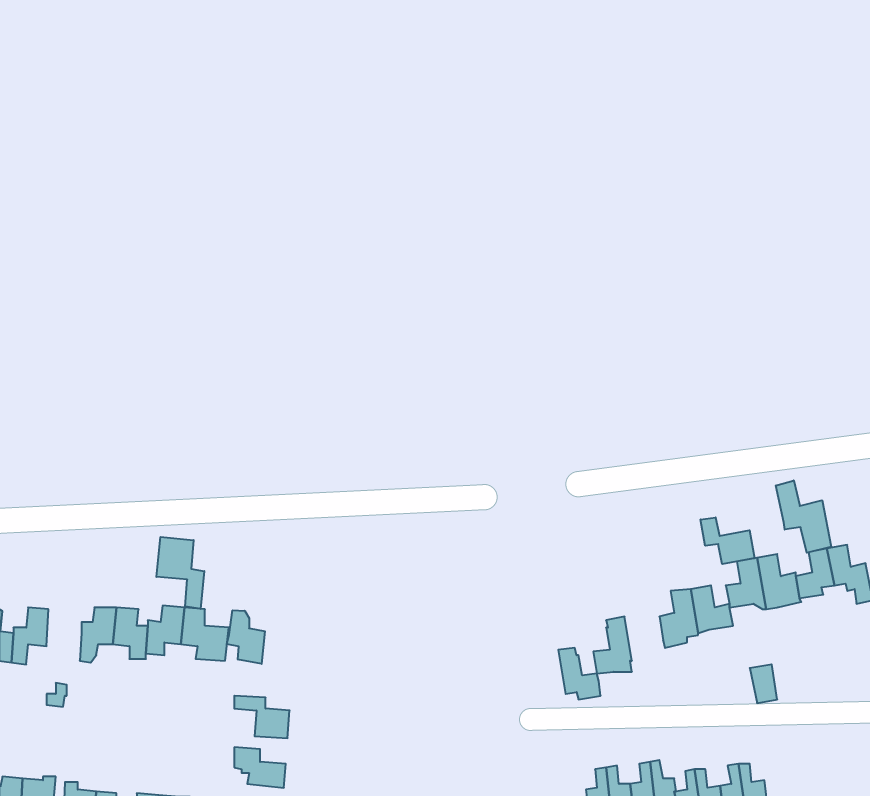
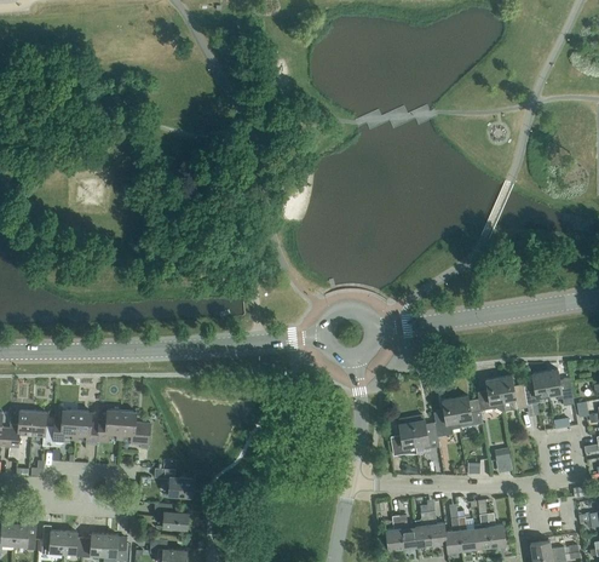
building: [776,480,831,553] -> none
building: [701,517,754,564] -> none
building: [156,537,204,609] -> none
building: none -> [31,412,54,447]
building: [227,610,265,664] -> none
building: [558,648,601,699] -> [411,415,439,449]

